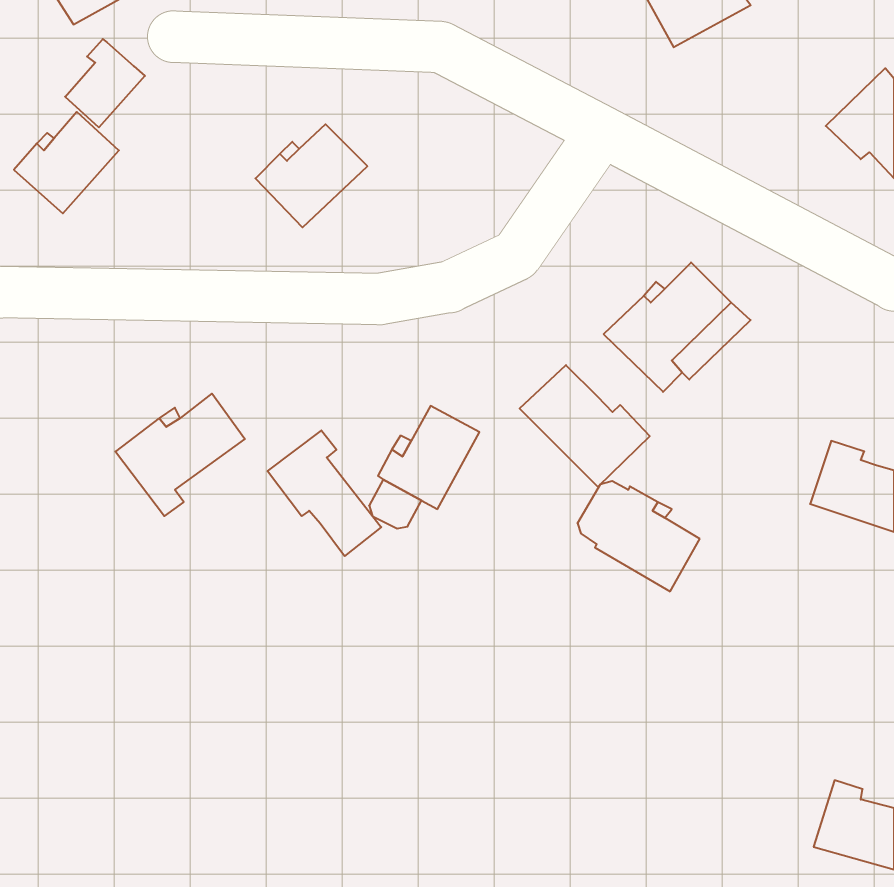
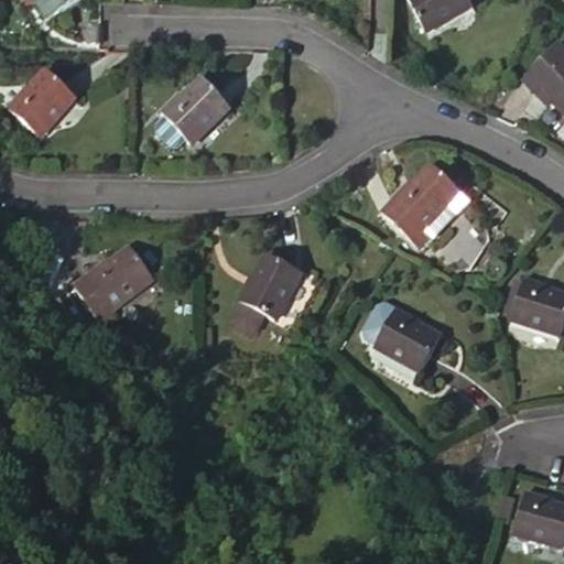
building: [65,39,145,127] -> none
building: [520,365,650,487] -> none
building: [268,430,381,556] -> none

